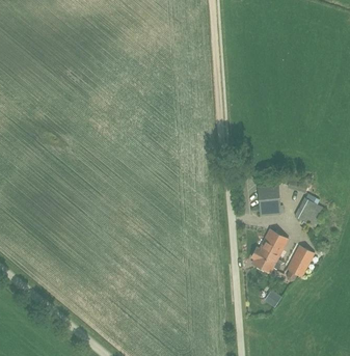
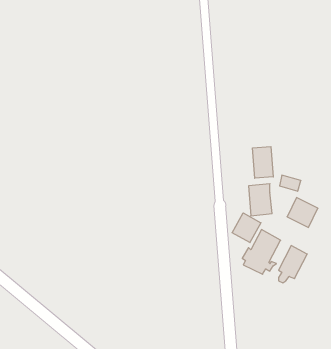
building: none -> [253,147,273,178]
building: none -> [232,213,261,243]

